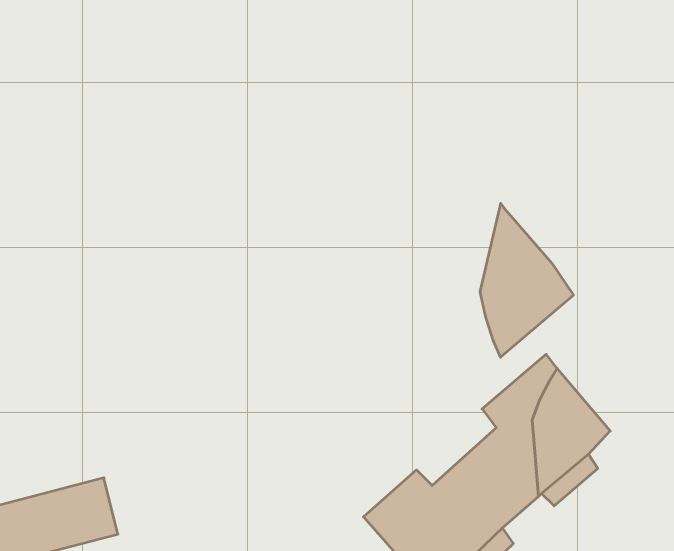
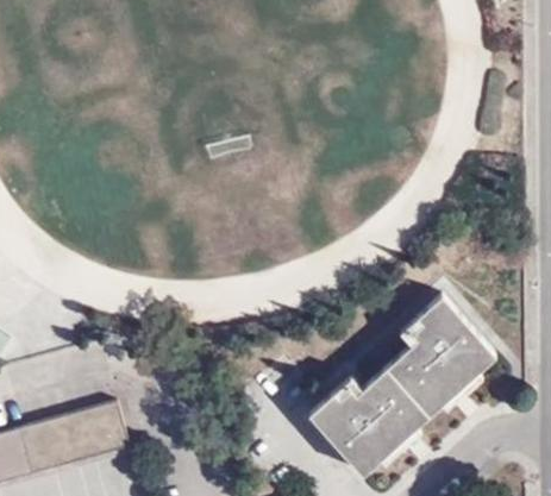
building: [480,203,573,357] -> none

